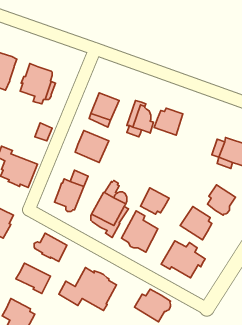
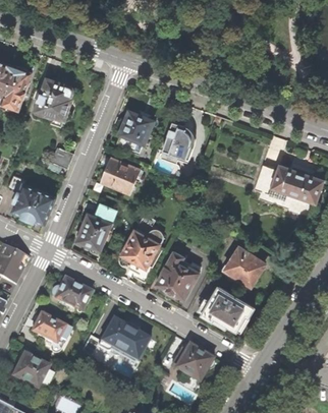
building: [154,108,183,135] -> none
building: [207,185,235,215] -> none
building: [141,188,169,214] -> none

